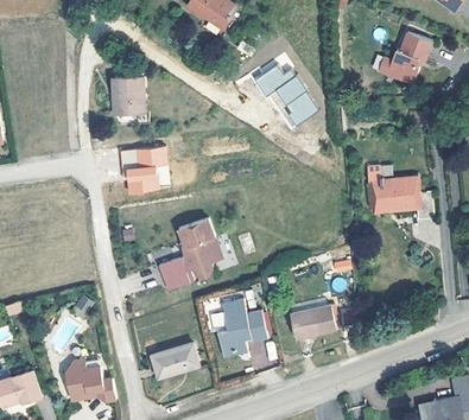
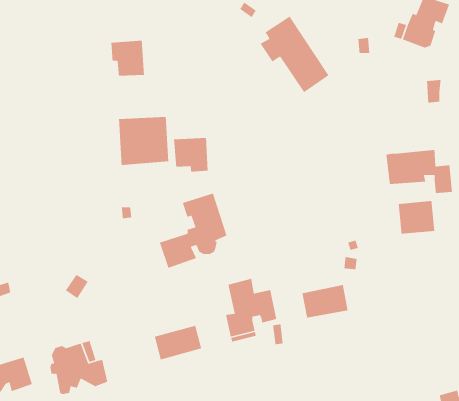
building: none -> [173,137,209,172]
building: none -> [398,200,435,234]

